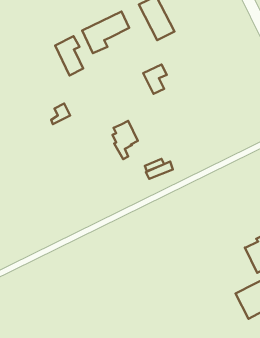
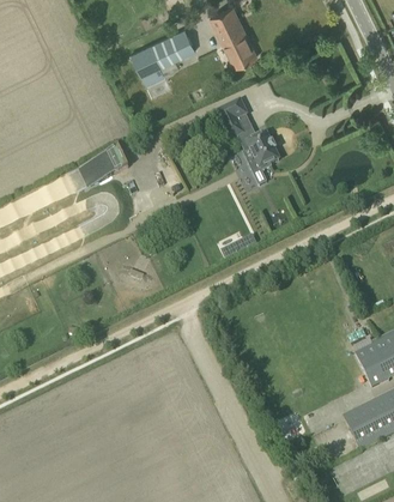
building: [55,36,83,75] -> none
building: [113,121,138,159] -> [244,133,279,186]

